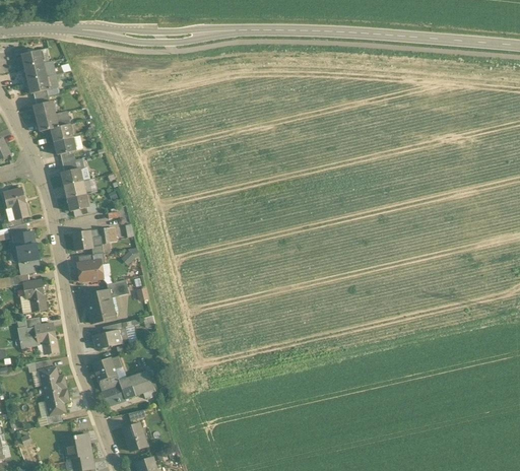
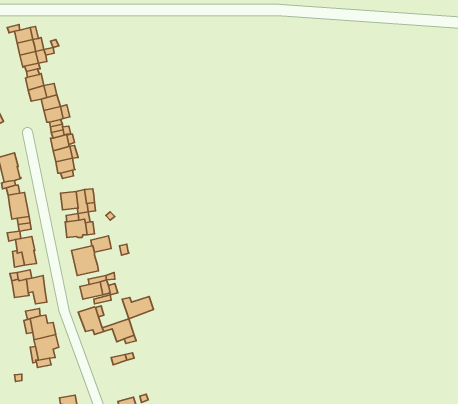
building: [100,382,134,406] -> [122,297,154,319]
building: [123,423,146,451] -> none
building: [65,434,88,459] -> none

